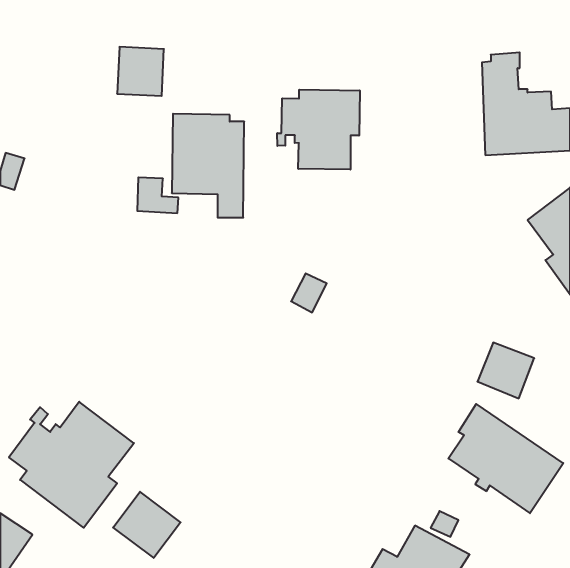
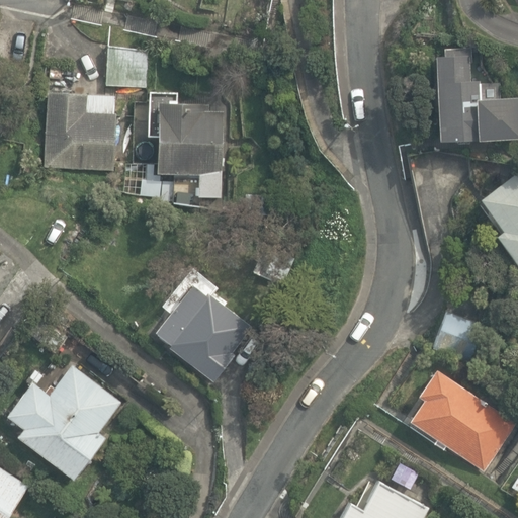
building: [277,90,360,170] -> none
building: none -> [46,94,116,171]
building: none -> [156,272,250,381]
building: [113,492,181,558] -> none

